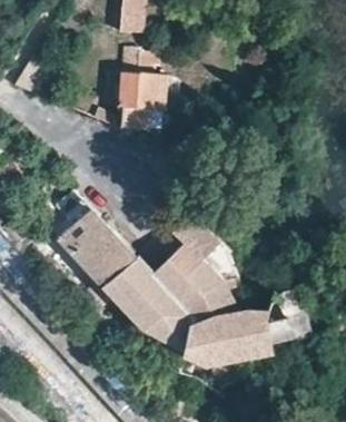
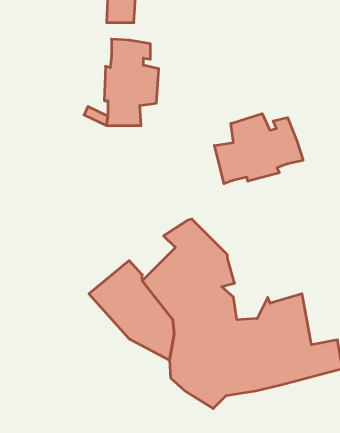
building: none -> [214,114,303,184]
building: [57,193,140,287] -> none

